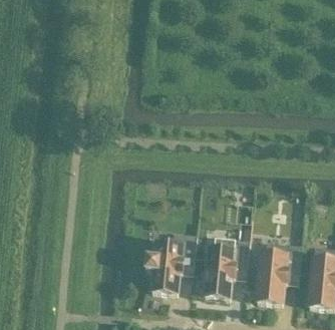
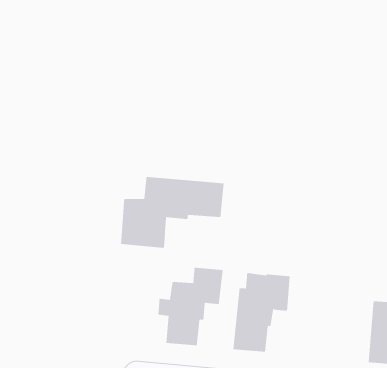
building: none -> [120,176,224,249]
building: [256,243,301,305] -> none

